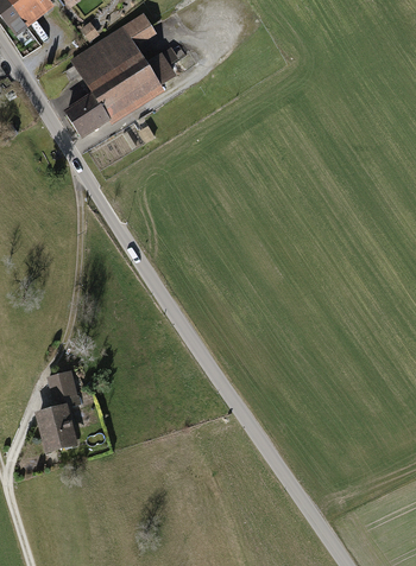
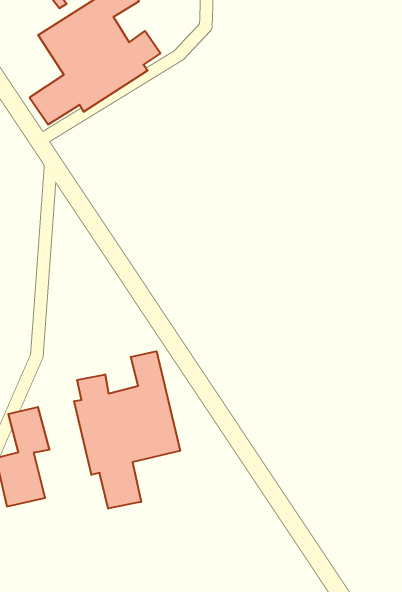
building: none -> [74,351,180,509]

